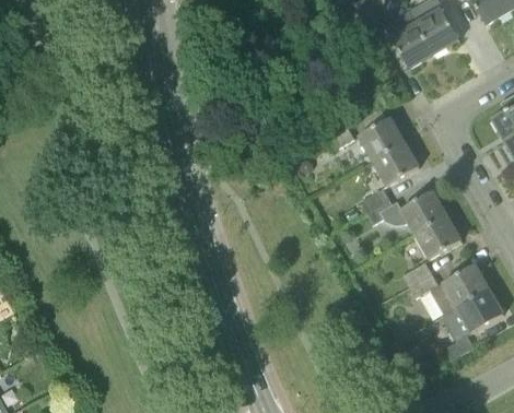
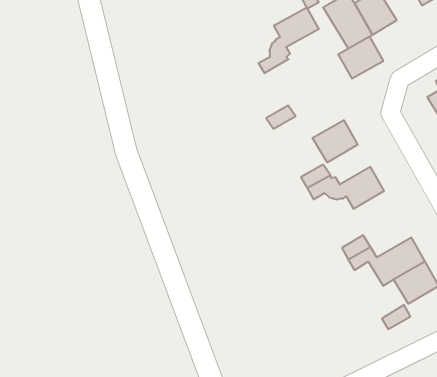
building: none -> [259,7,319,73]
building: [358,117,405,161] -> [338,36,383,79]
building: [414,215,462,259] -> none

